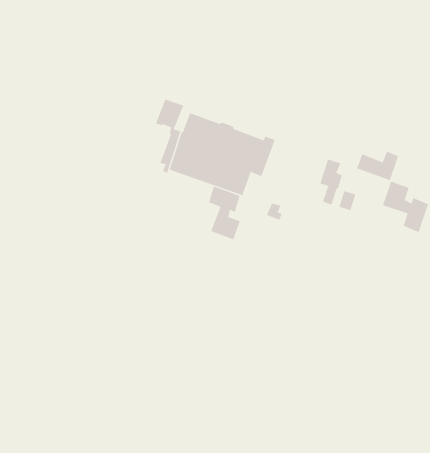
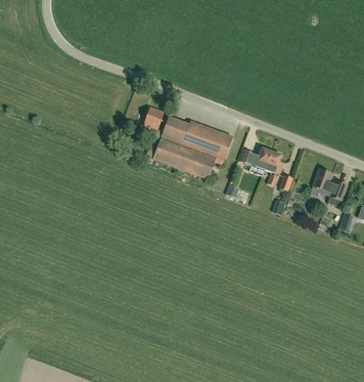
building: [356,151,399,181] -> [240,146,272,169]
building: [208,186,240,240] -> none

